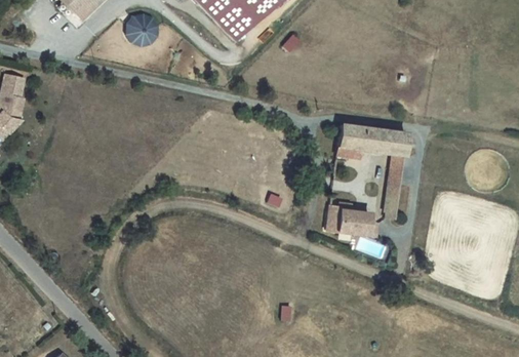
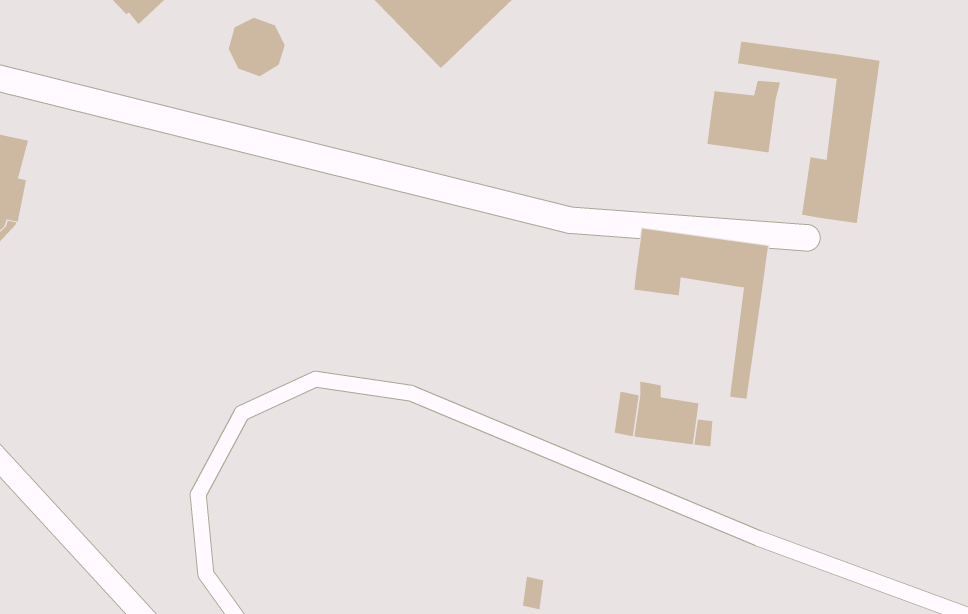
building: none -> [737,41,880,224]
building: none -> [707,80,781,153]

